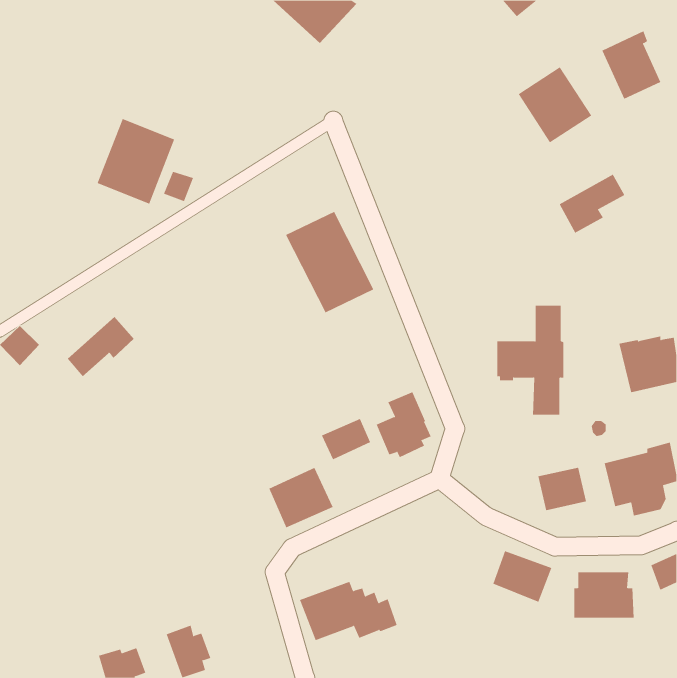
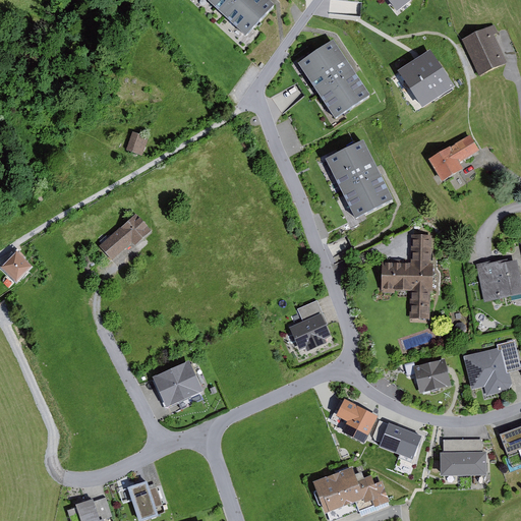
building: none -> [297,38,369,116]
building: [97,118,175,204] -> none
building: [285,211,374,313] -> [325,138,393,217]
building: [67,316,134,377] -> [99,213,151,259]
building: [321,418,371,460] -> none
building: [268,467,333,528] -> [153,359,202,406]
building: none -> [332,400,378,440]
building: [299,581,397,641] -> [312,466,388,512]

